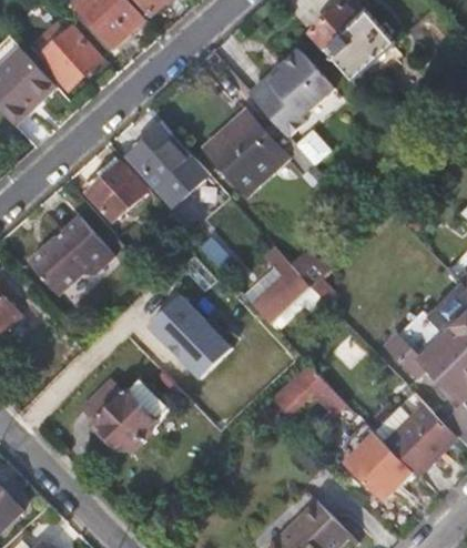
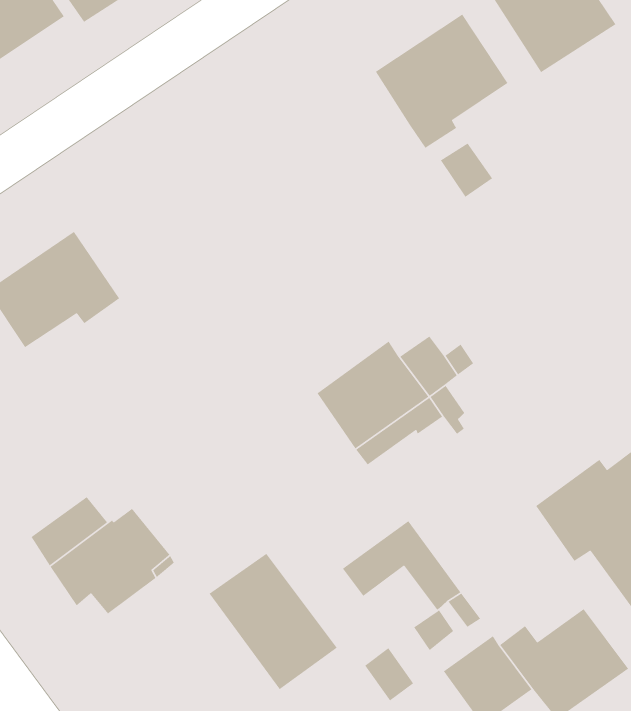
building: [203,111,322,196] -> none
building: [128,126,205,199] -> none
building: [87,159,145,221] -> none
building: [151,297,235,380] -> [208,553,338,690]

